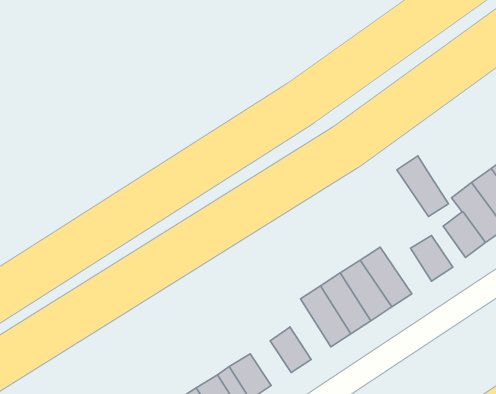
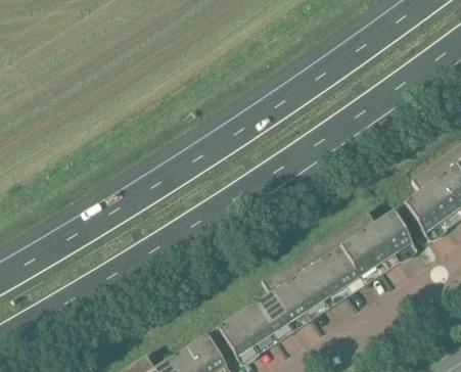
building: [397,156,448,217] -> [351,213,396,266]
building: none -> [263,270,308,323]
building: none -> [237,307,273,345]

